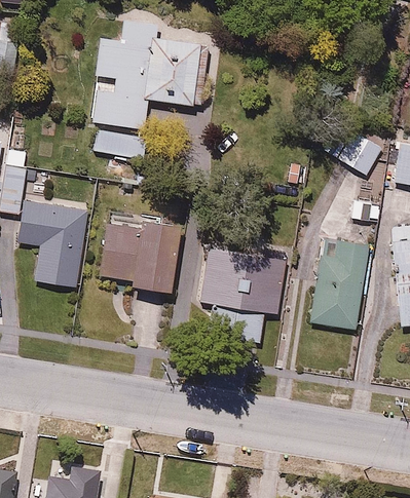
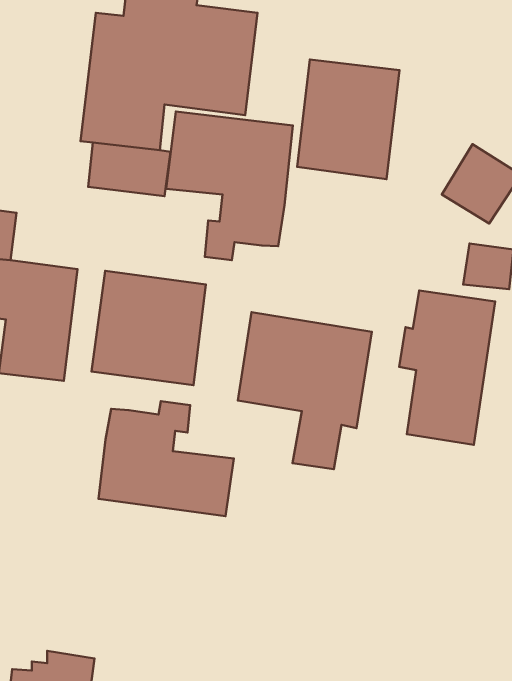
building: none -> [297,59,400,179]
building: none -> [166,111,293,260]
building: none -> [99,401,234,516]

